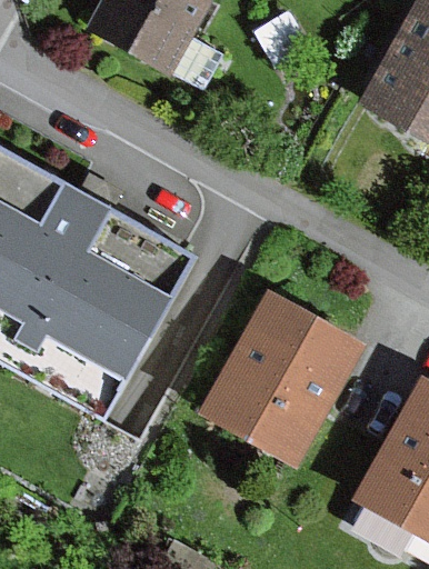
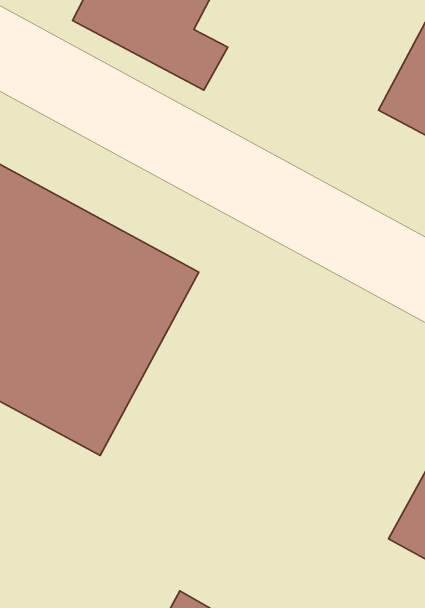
building: [209,279,371,453] -> none

